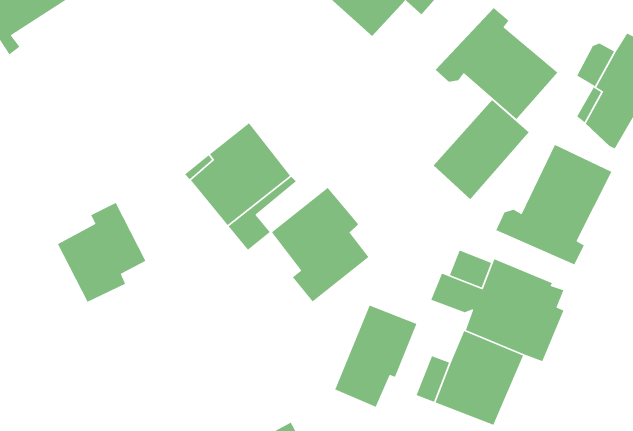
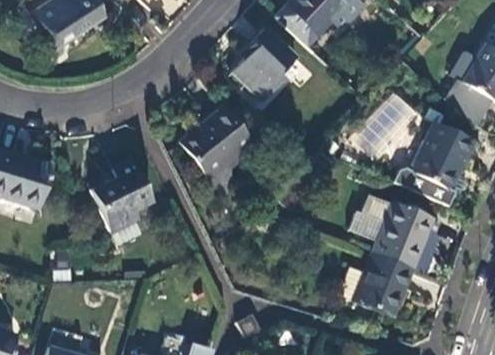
building: [435,7,559,120] -> none
building: none -> [232,27,298,102]
building: [271,187,370,303] -> none
building: [334,304,417,408] -> none

